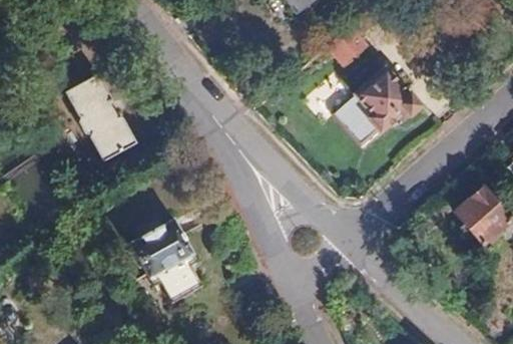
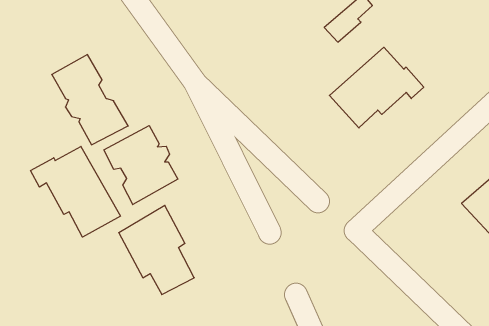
building: none -> [104,126,178,205]
building: none -> [31,146,120,237]

